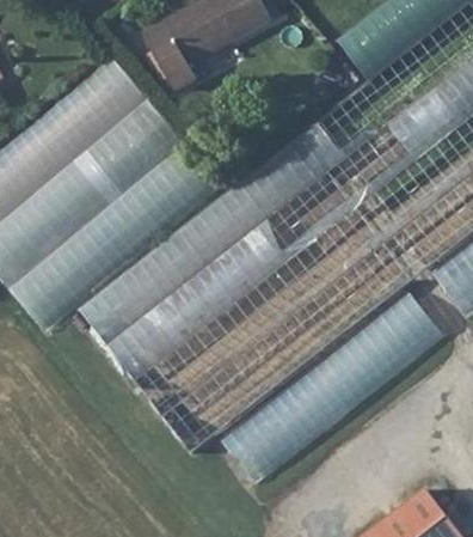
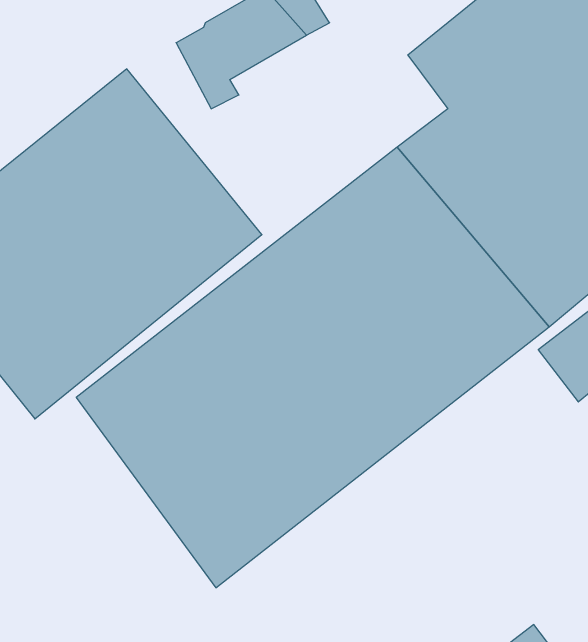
building: [220,298,444,474] -> none

